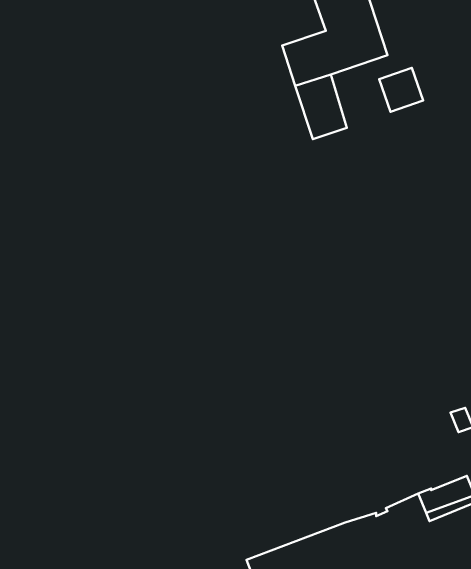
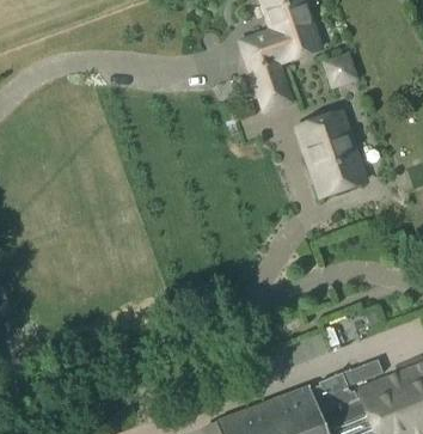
building: none -> [298,111,361,194]

